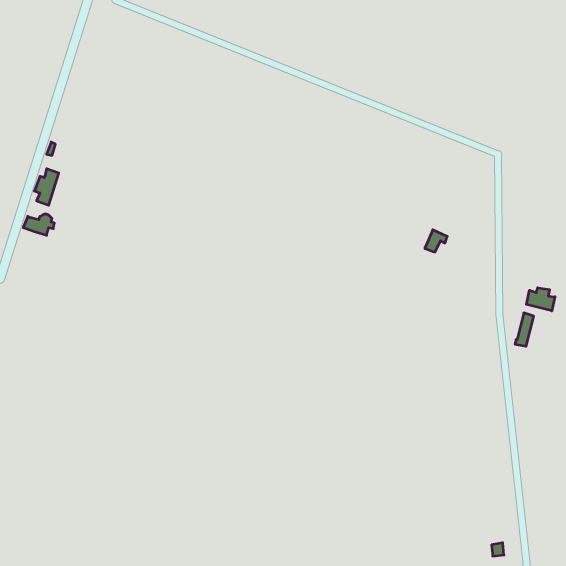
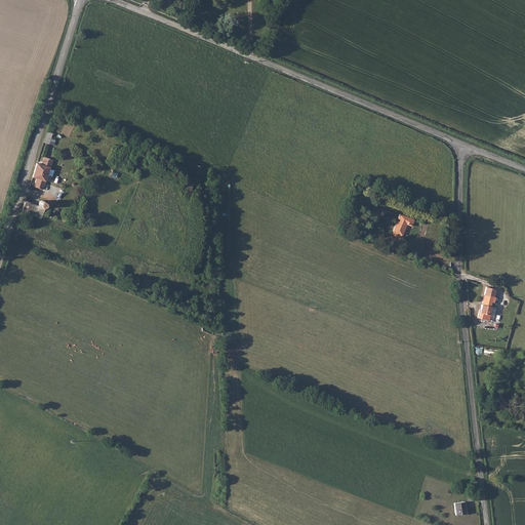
building: [526,288,555,311] -> none

